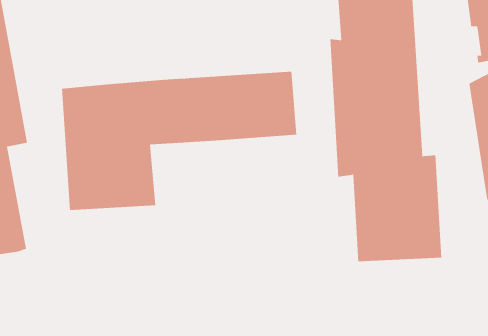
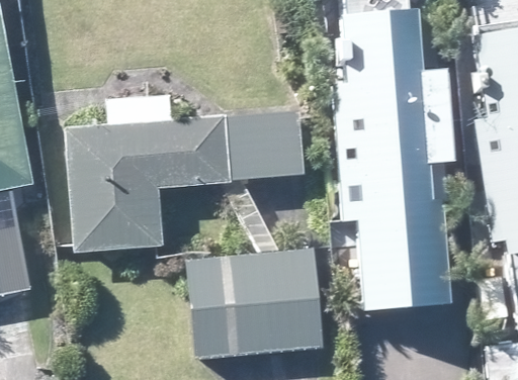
building: none -> [186,248,321,360]

